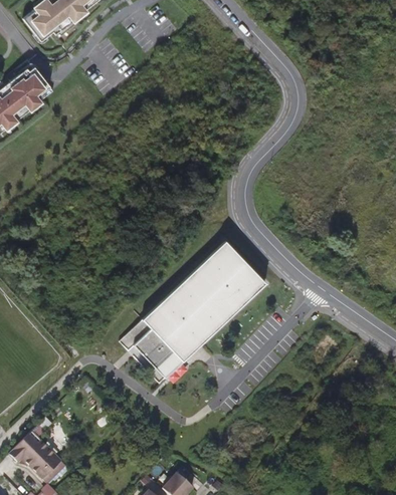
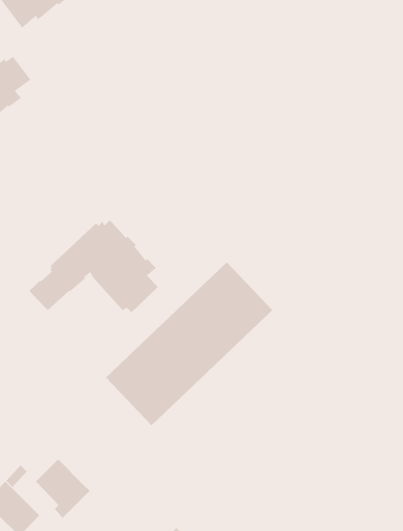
building: none -> [28,219,159,313]
building: none -> [35,459,90,519]

